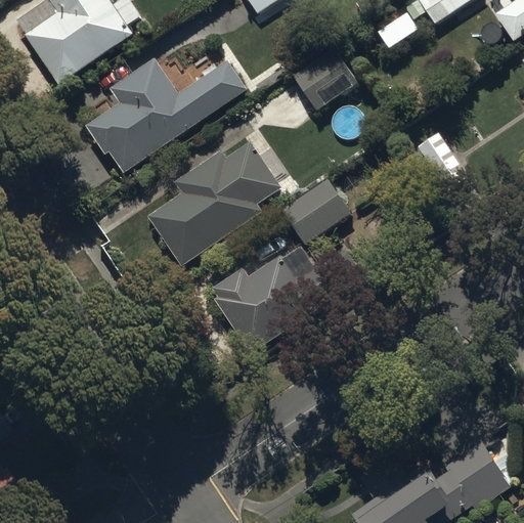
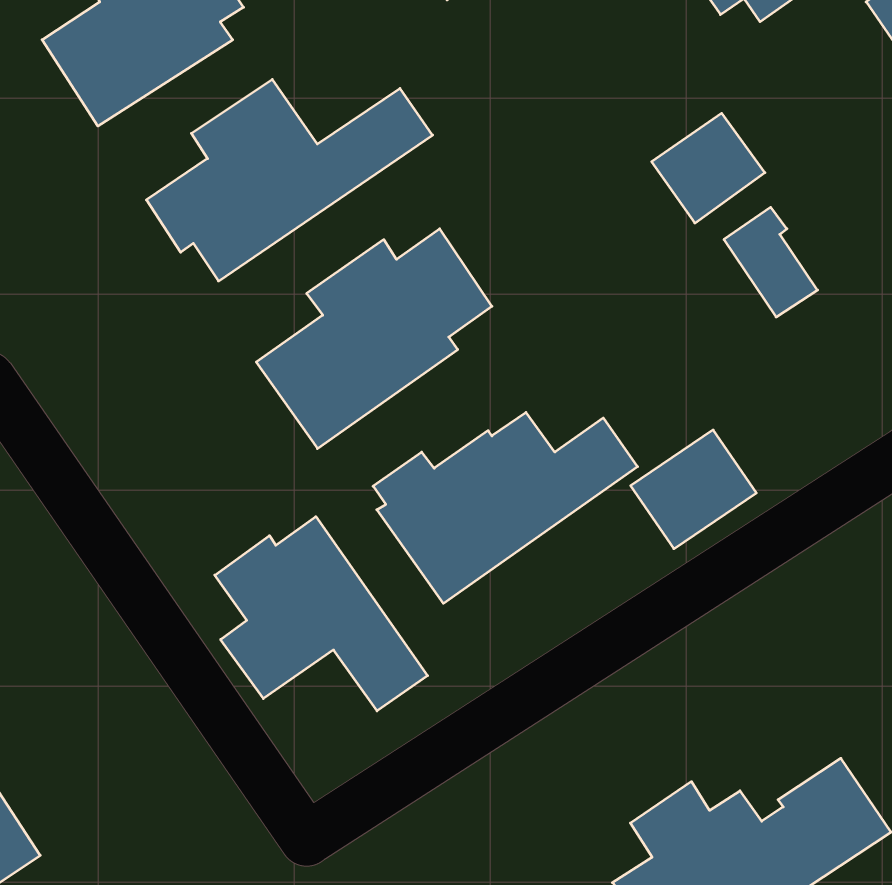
building: [290,47,354,110] -> [652,113,765,223]
building: [277,177,349,245] -> [631,430,756,549]
building: none -> [215,517,428,711]

